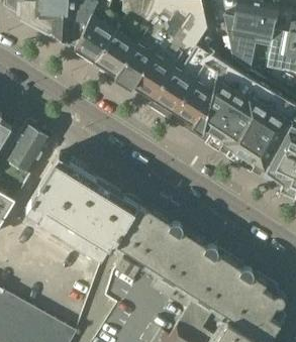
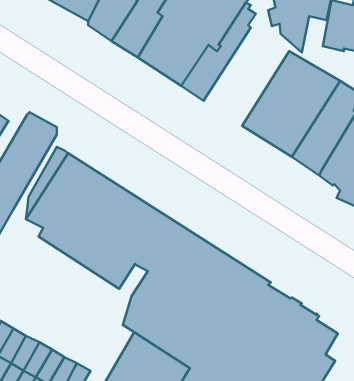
building: [170,52,239,132] -> none

